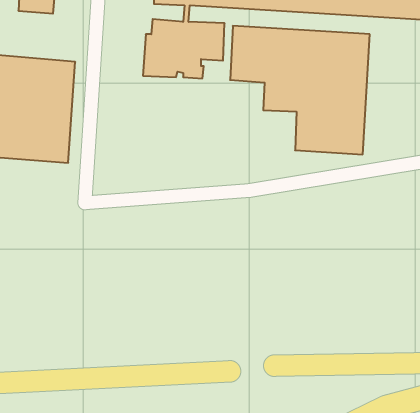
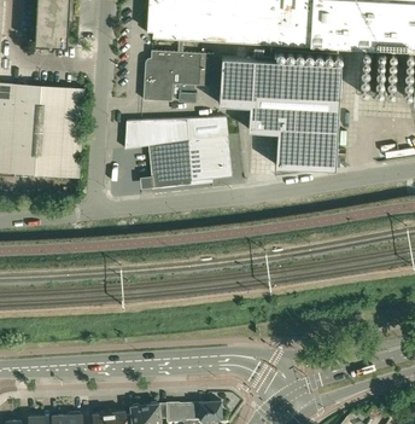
building: none -> [124,115,233,187]

